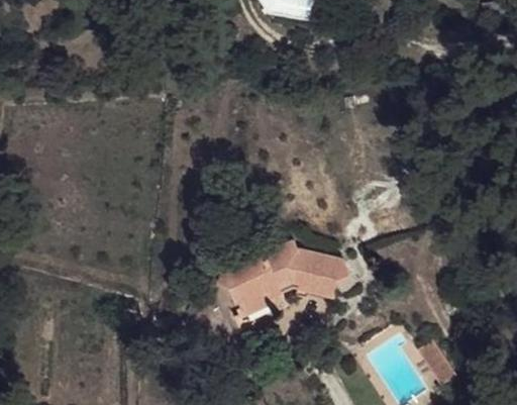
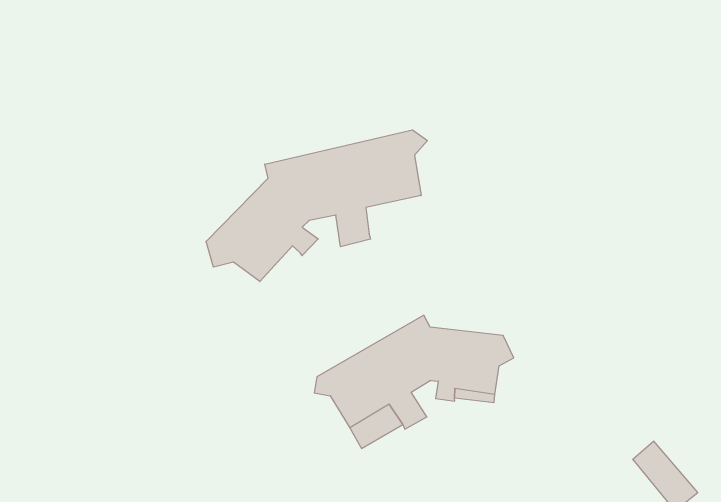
building: none -> [206,130,427,282]

